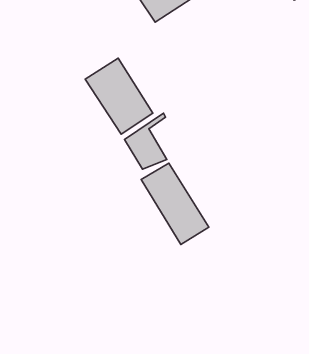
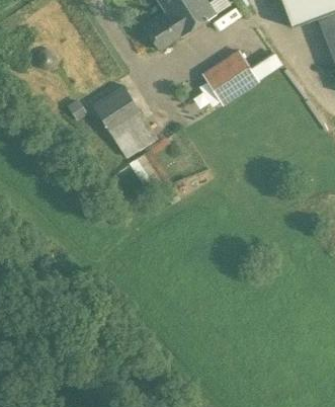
building: none -> [201,50,258,104]
building: [141,163,209,245] -> none

